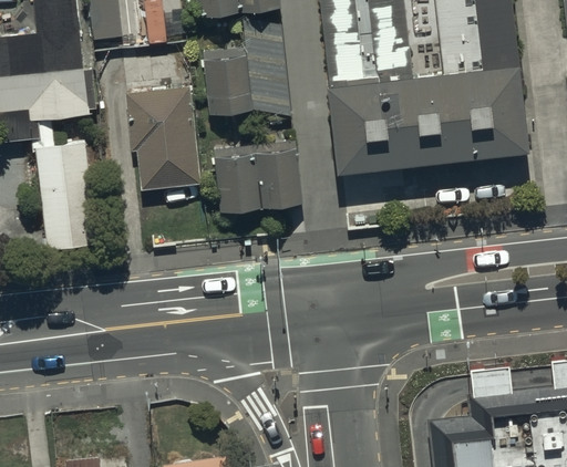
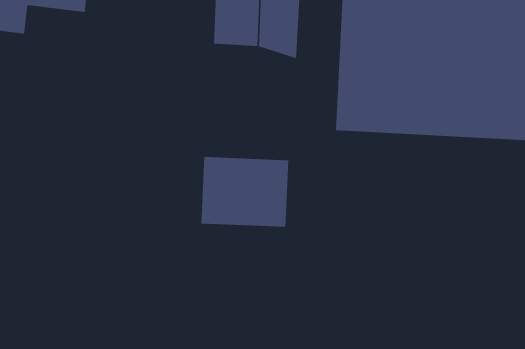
building: [132,85,195,184] -> none
building: [35,142,91,245] -> none
building: [214,142,303,216] -> [201,157,289,227]

